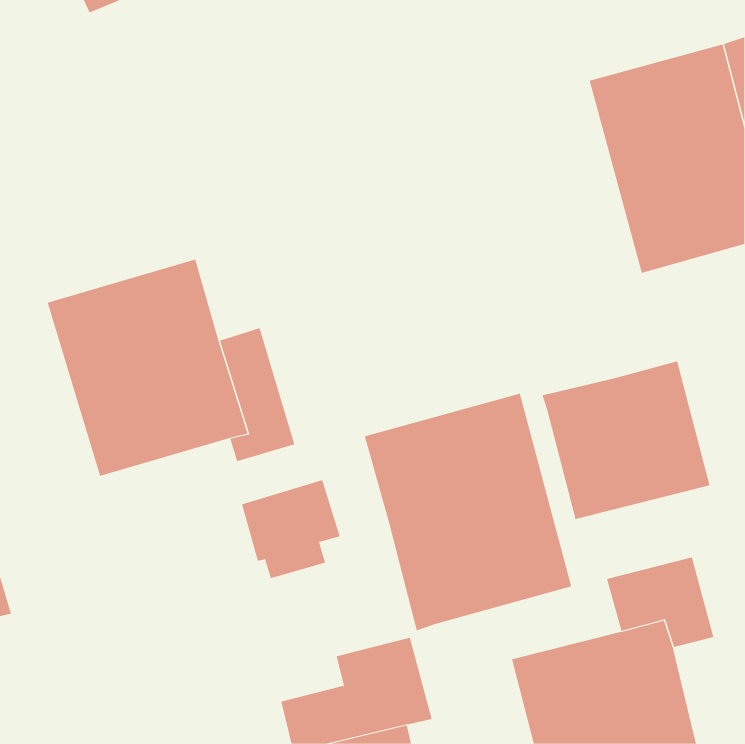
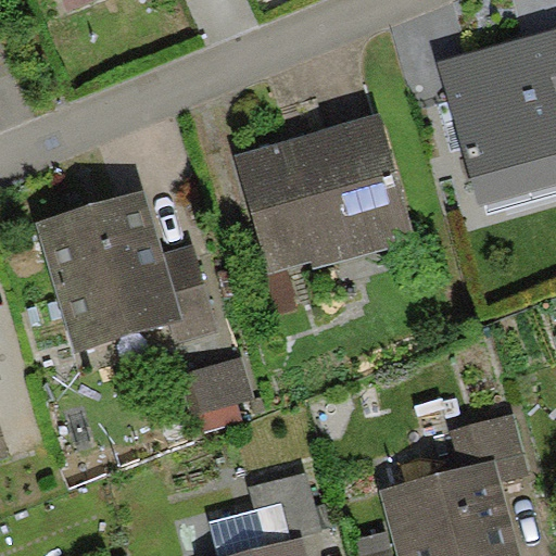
building: none -> [236,117,416,275]
building: [542,360,710,520] -> none
building: [364,393,572,631] -> none

